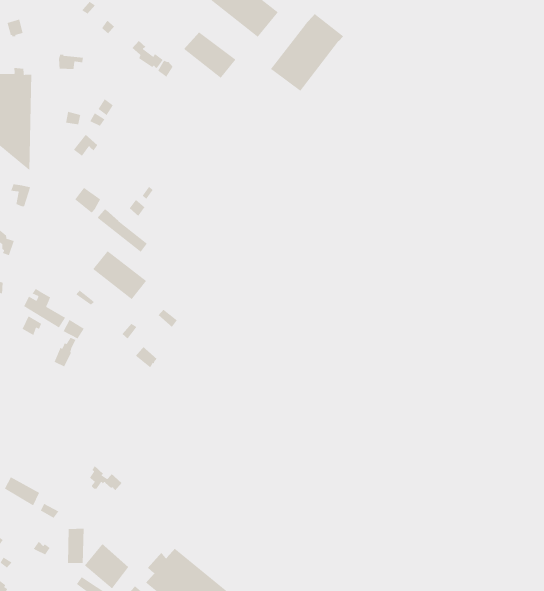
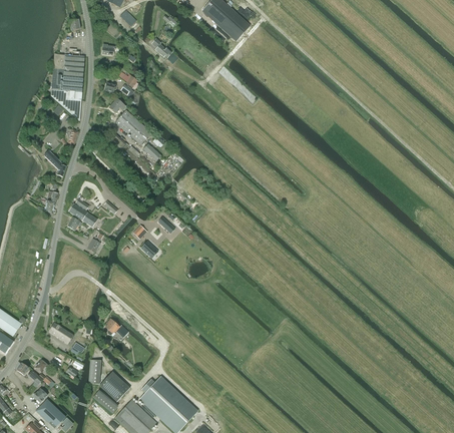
building: [270,13,344,92] -> none
building: [183,31,236,79] -> none
building: [92,250,147,300] -> [115,110,151,144]

